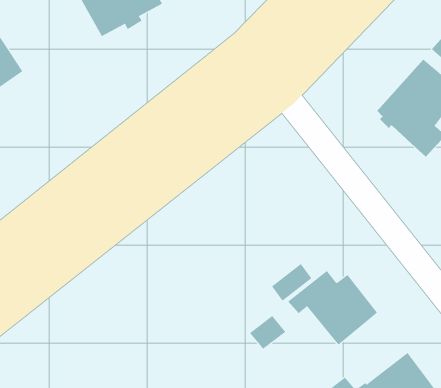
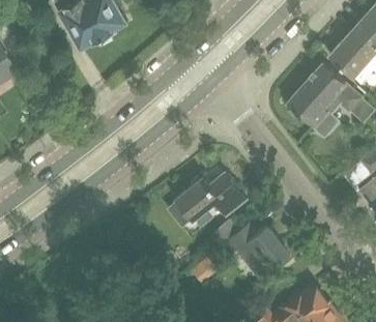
building: none -> [168,171,248,226]

